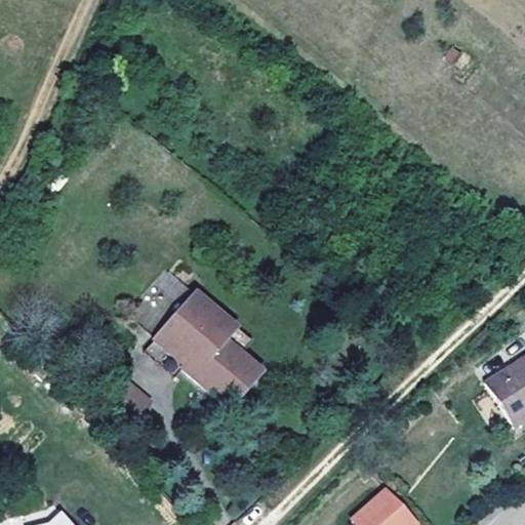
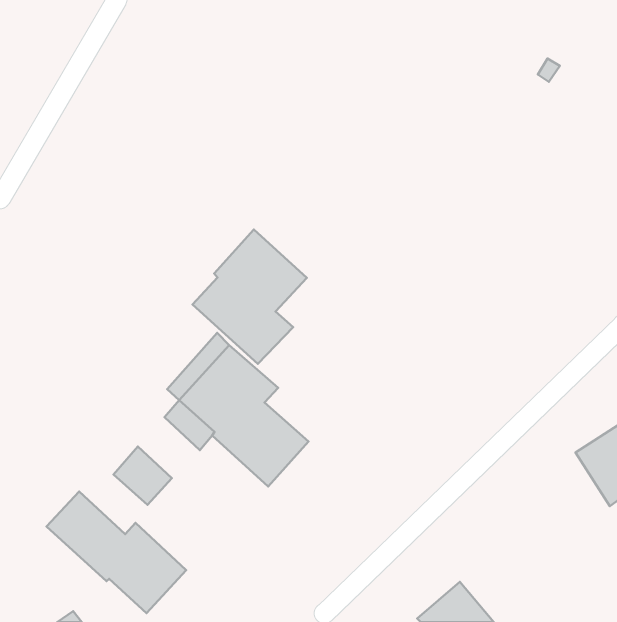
building: none -> [192,229,307,364]
building: none -> [46,492,186,613]

